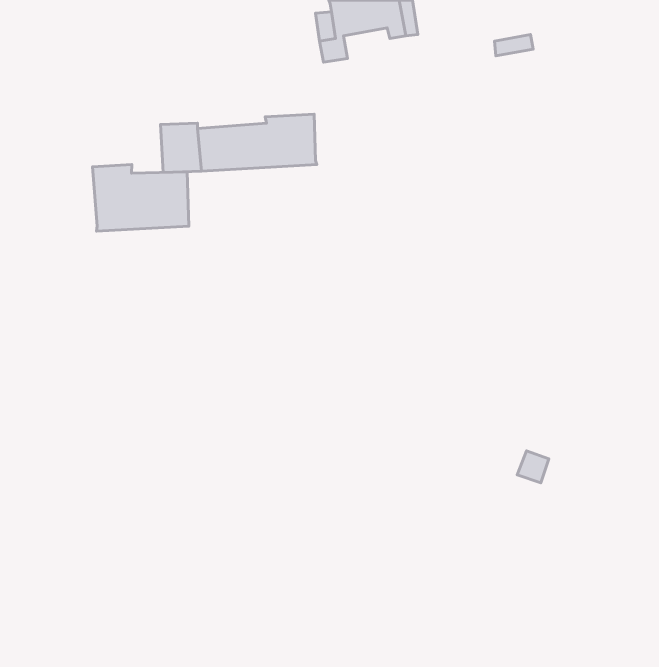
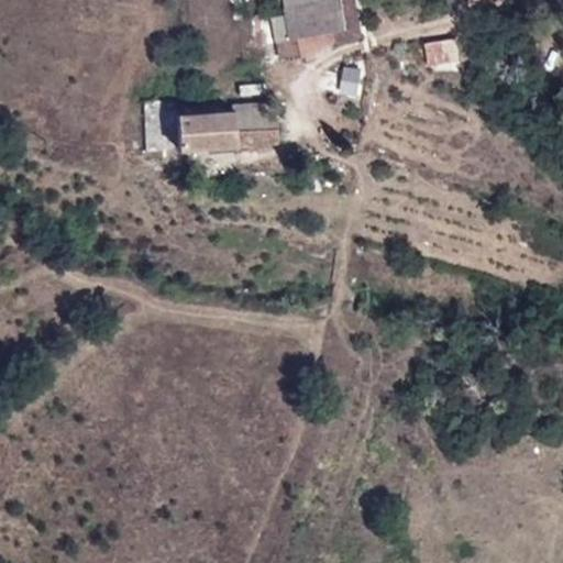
building: [93,165,189,231] -> none

